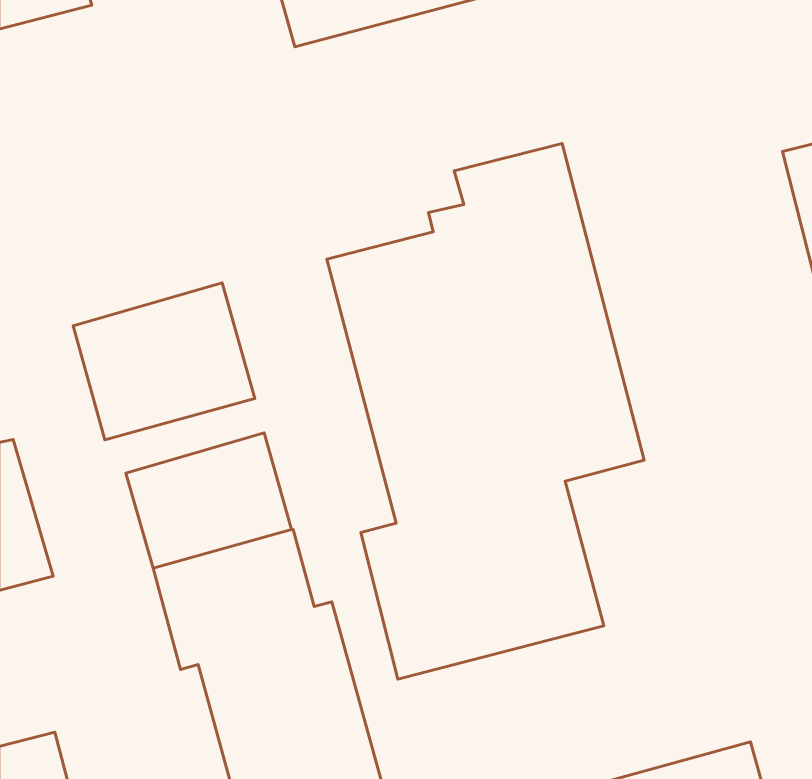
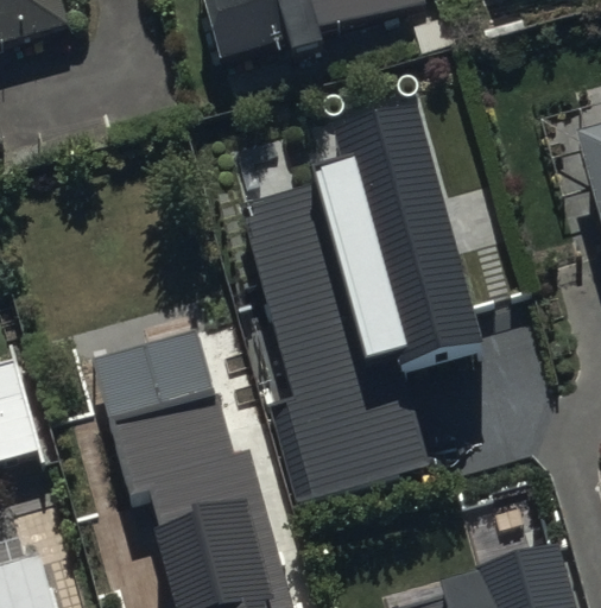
building: [73,283,255,440] -> none

